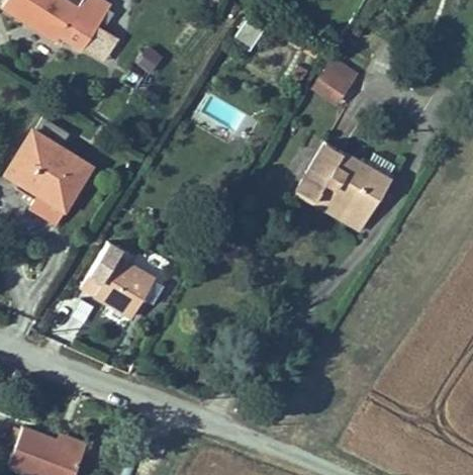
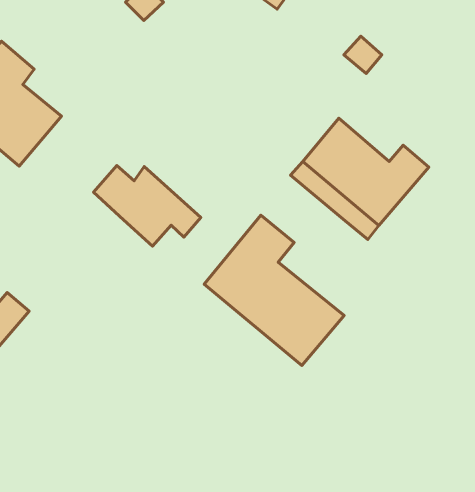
building: none -> [204,215,344,366]
building: [81,261,167,321] -> [94,165,201,246]

